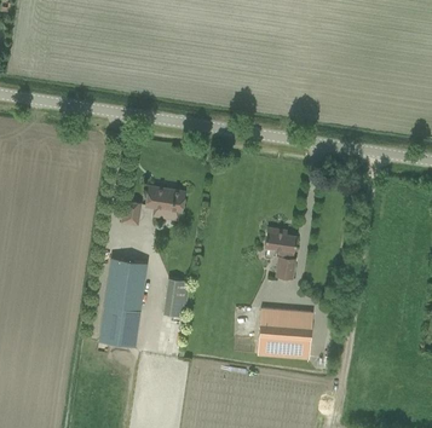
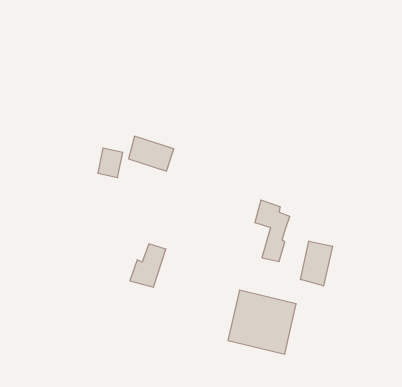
building: none -> [301,241,332,286]
building: [98,258,146,347] -> none

